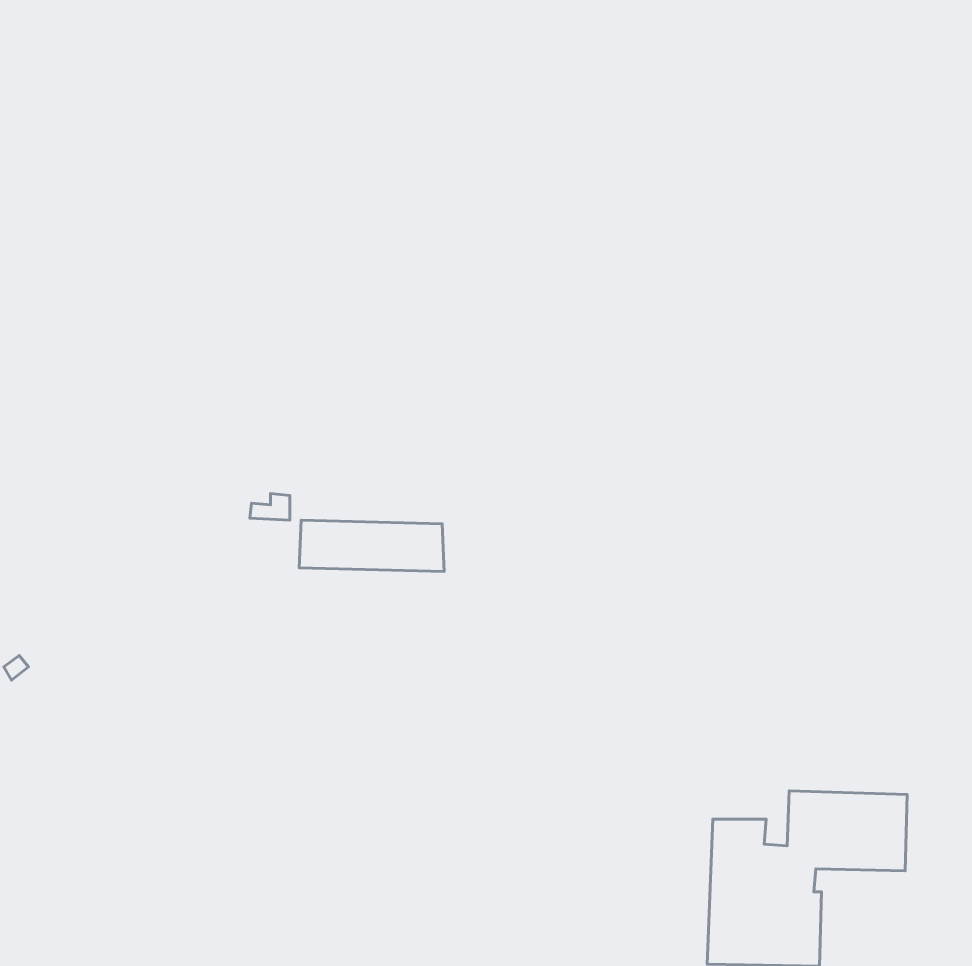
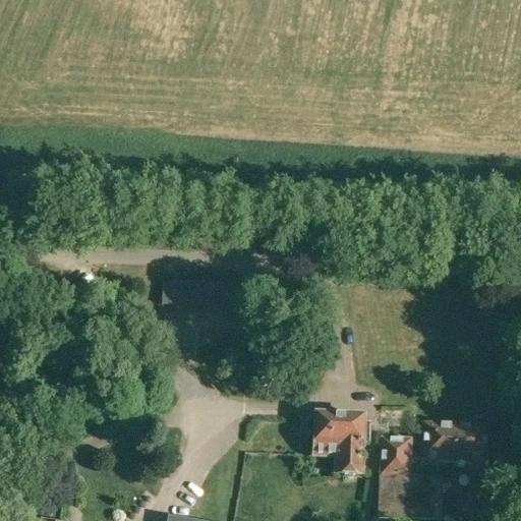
building: none -> [312,414,368,473]

